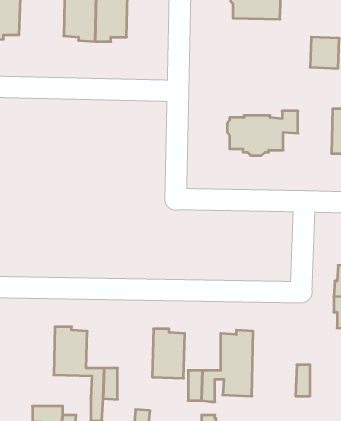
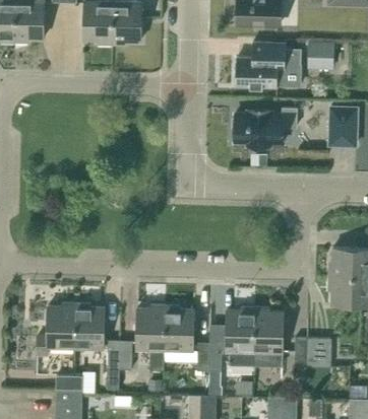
building: none -> [236,43,302,87]
building: none -> [38,302,76,354]
building: none -> [136,304,166,369]
building: none -> [255,307,284,366]
building: none -> [308,338,331,367]

